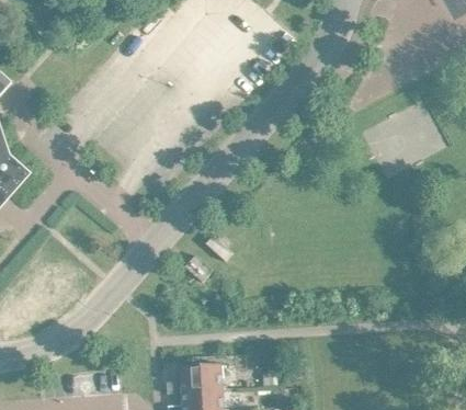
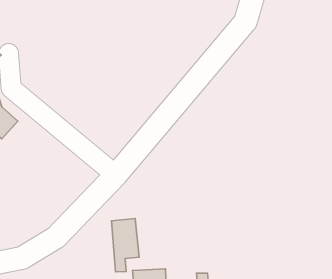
building: none -> [112,218,139,272]

